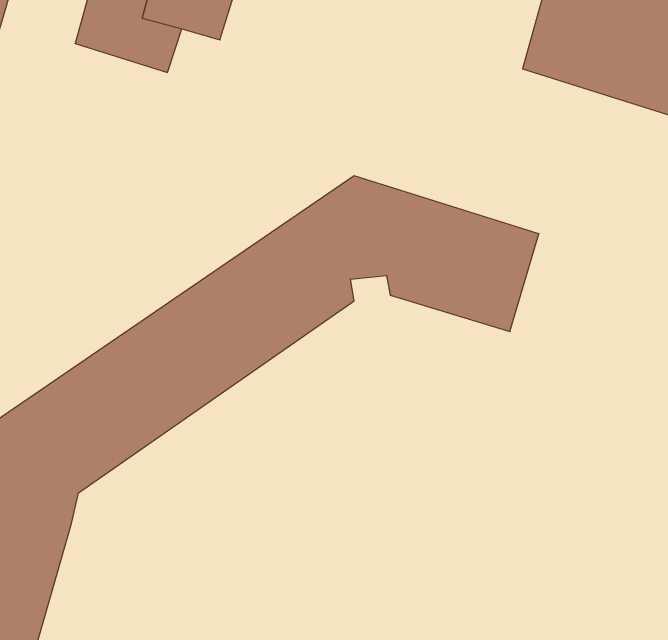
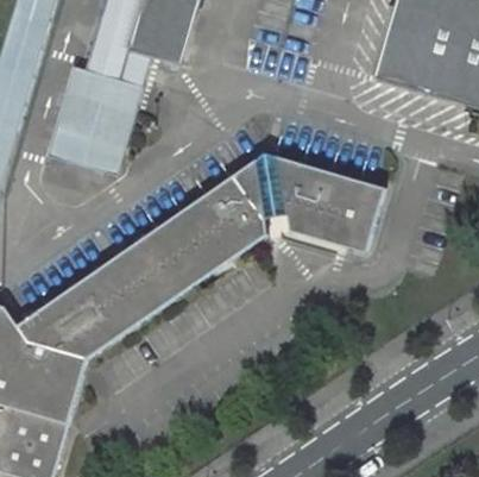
building: none -> [43,61,143,172]

